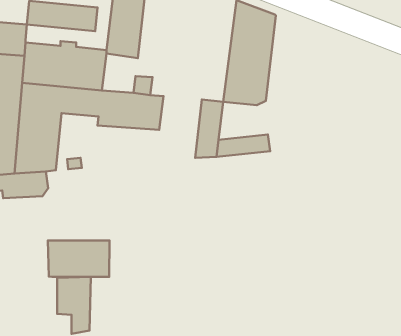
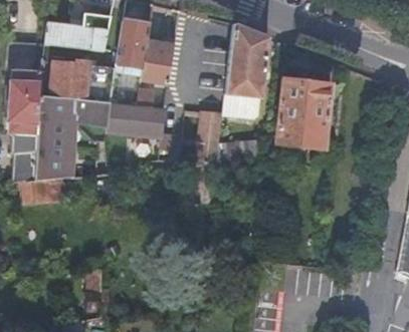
building: none -> [144,40,176,82]
building: none -> [277,77,331,146]
building: [48,240,109,277] -> none

